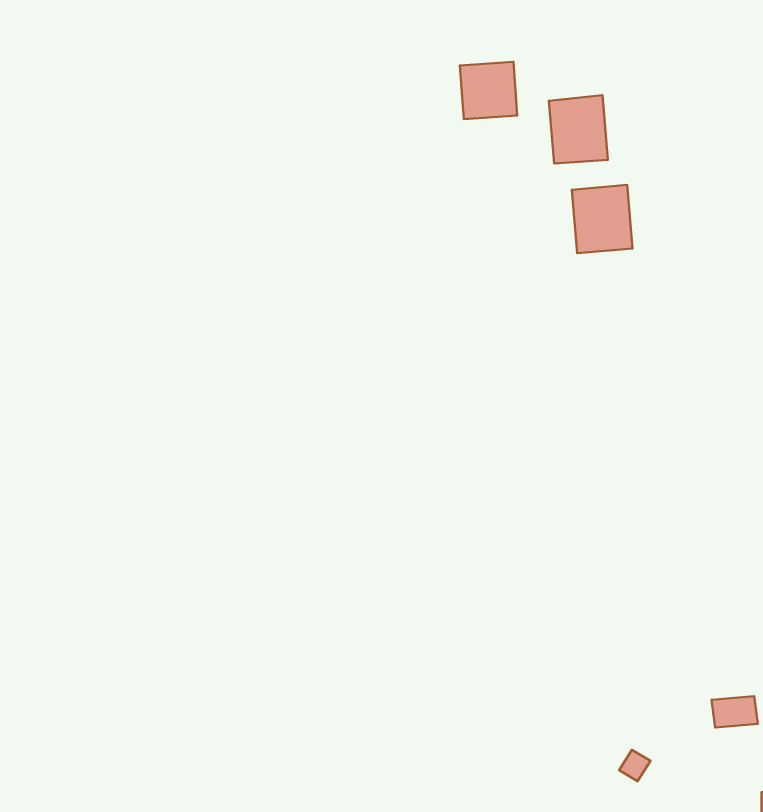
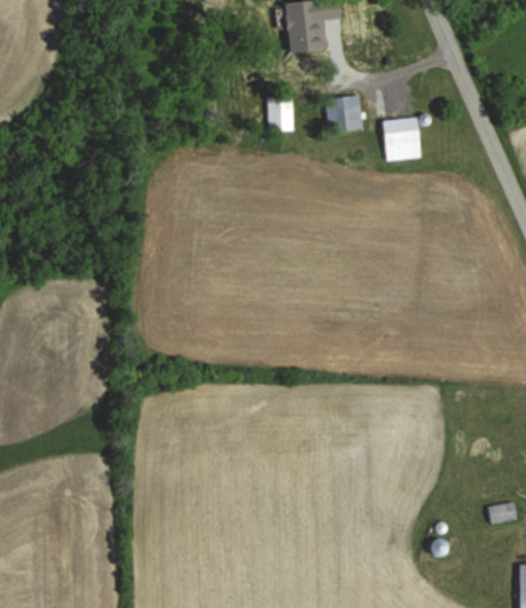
building: none -> [268,97,293,132]
building: [572,185,632,253] -> none

